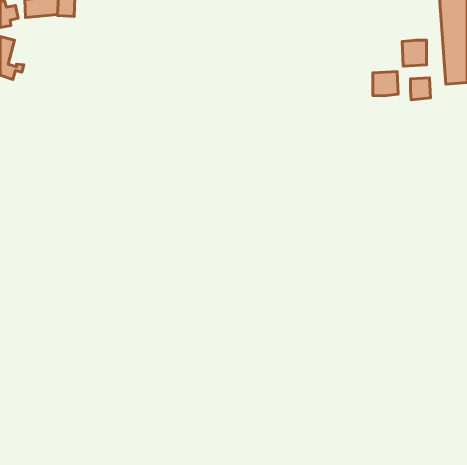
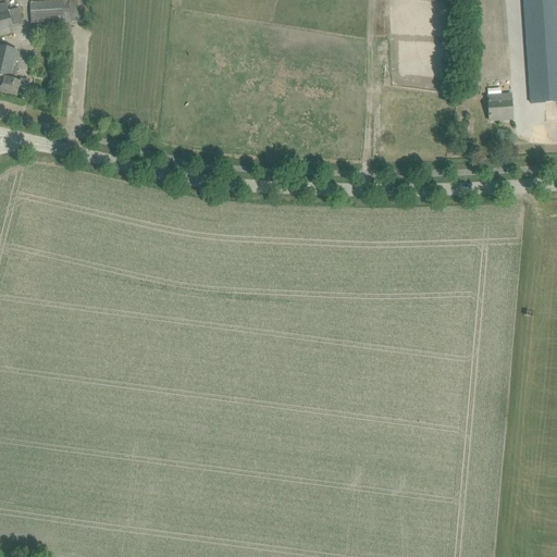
building: [402,40,427,66] -> none
building: [373,72,398,96] -> none

